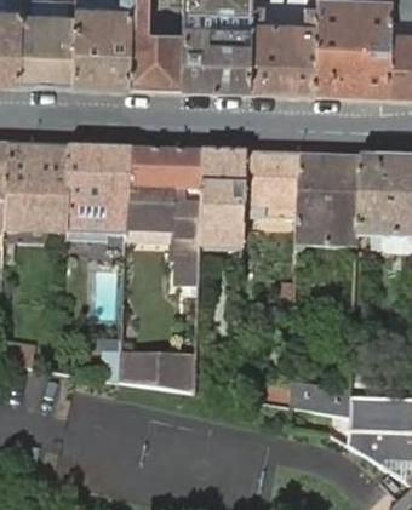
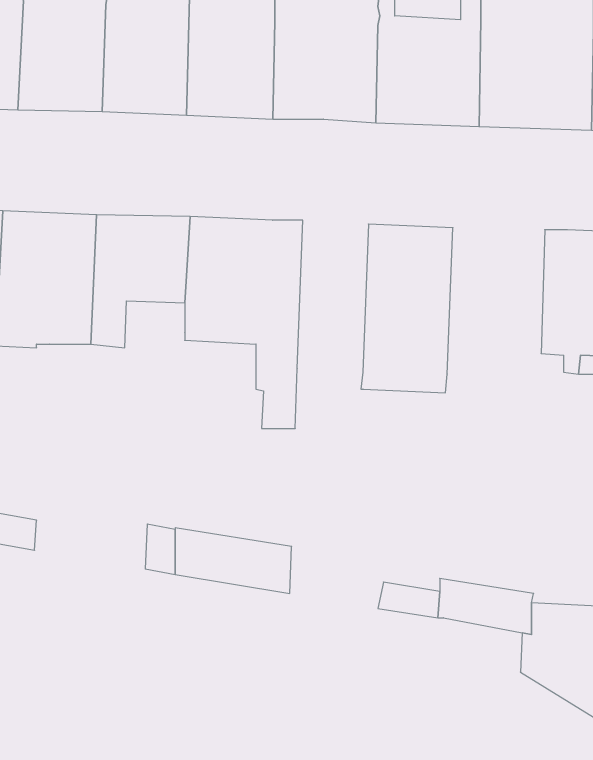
building: [198,151,244,250] -> none
building: [294,156,357,252] -> none
building: [86,204,125,236] -> none

